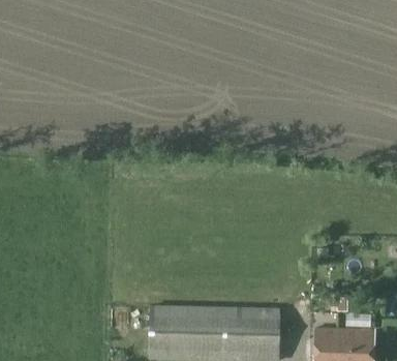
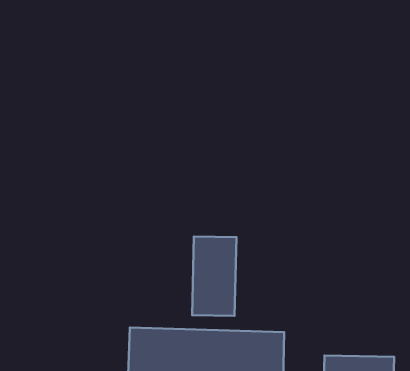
building: none -> [192,236,236,316]

